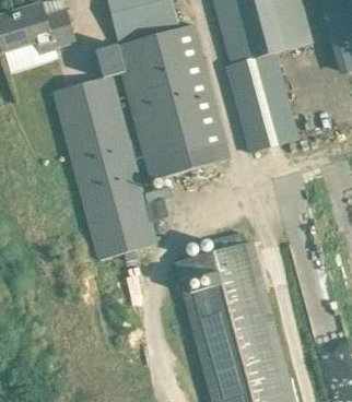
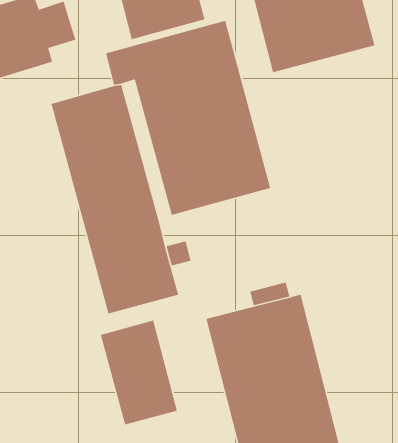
building: [226,54,298,151] -> none
building: none -> [100,320,178,425]

